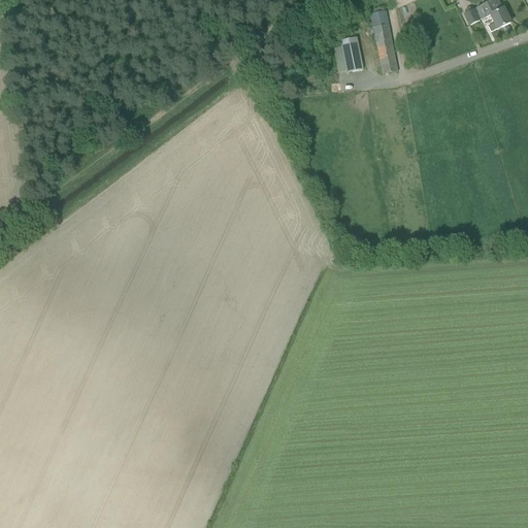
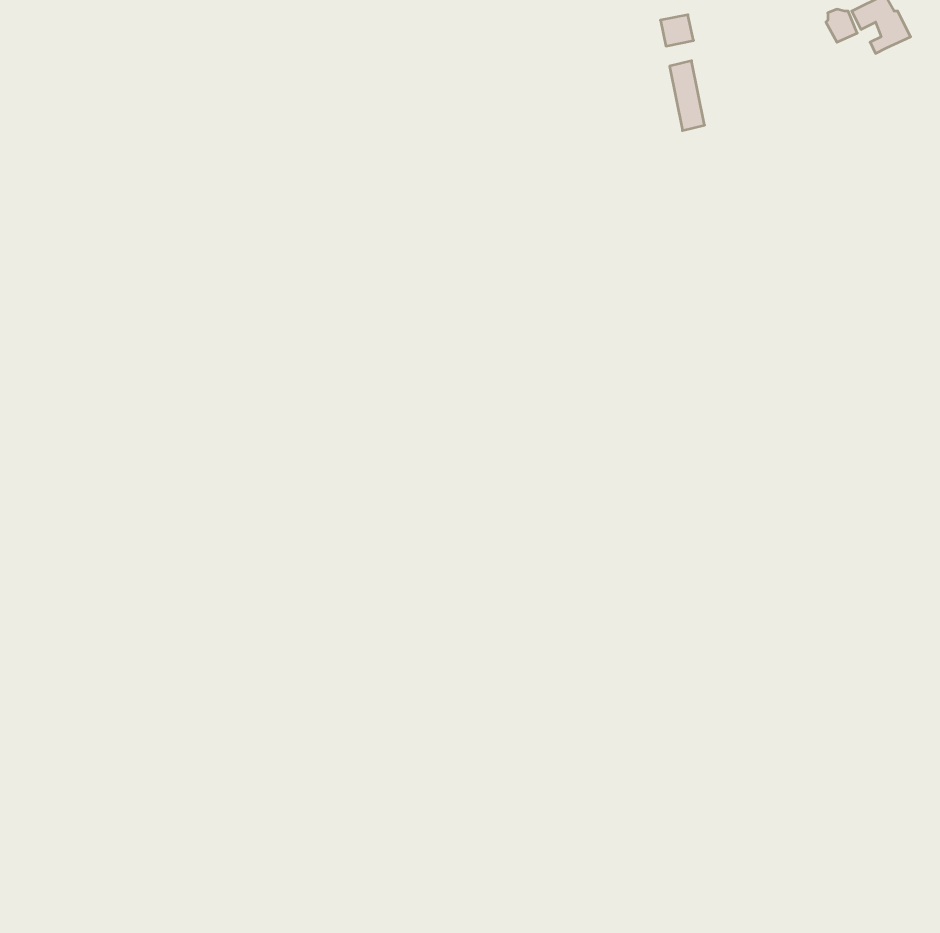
building: [340,35,363,70] -> none

